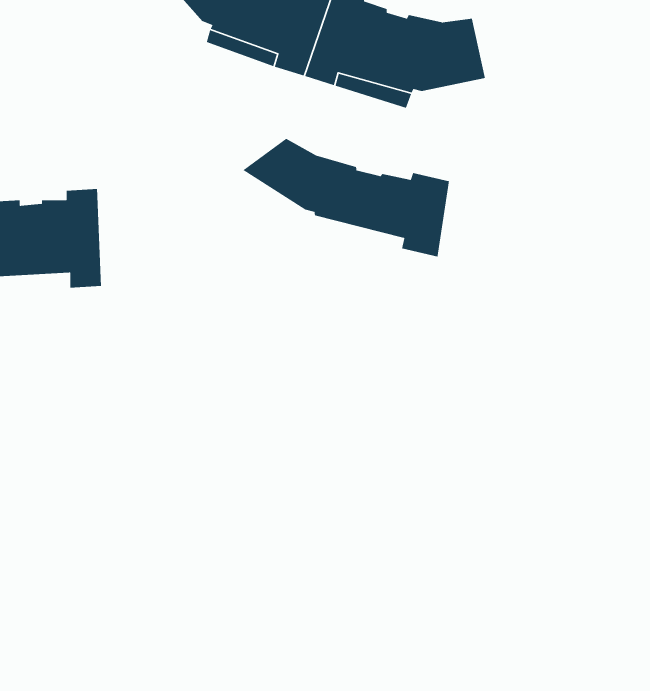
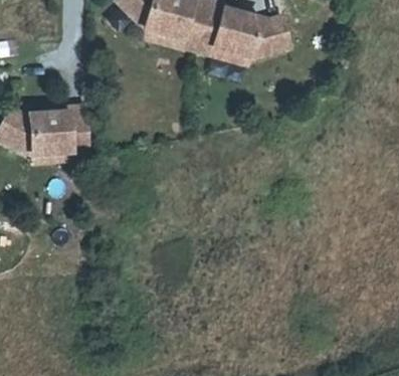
building: [242,138,450,258] -> none

